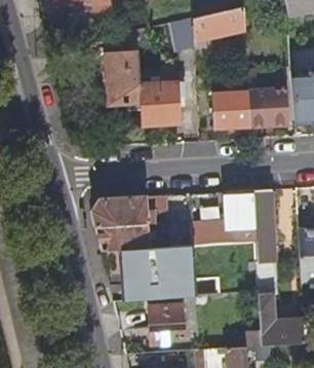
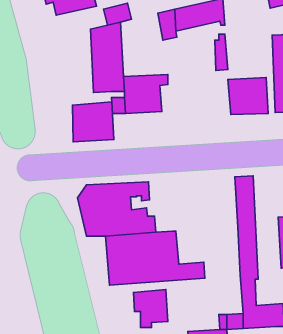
building: [211,90,249,128] -> none
building: none -> [72,102,114,142]
building: [189,190,257,246] -> none

